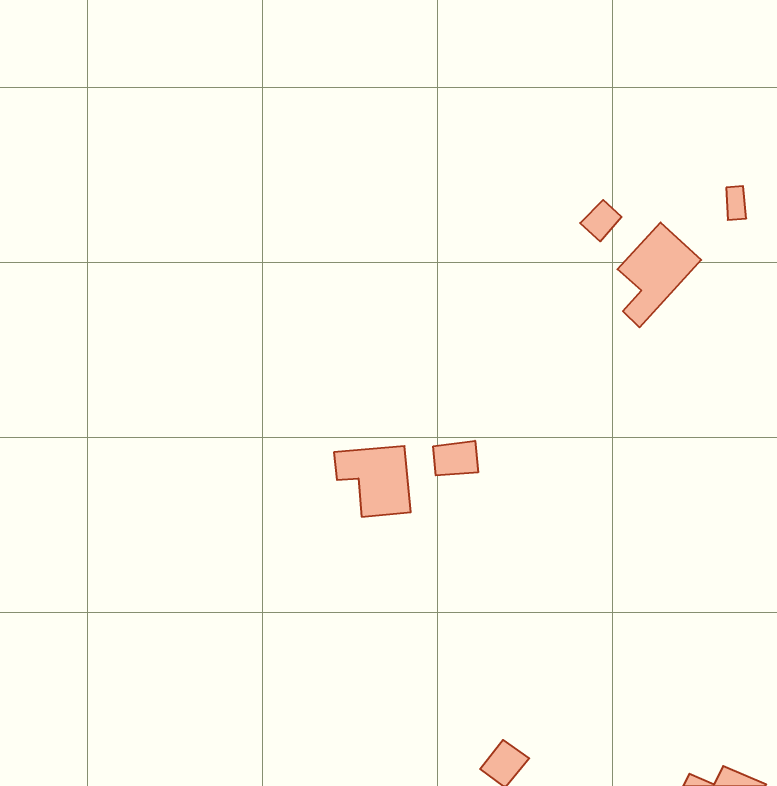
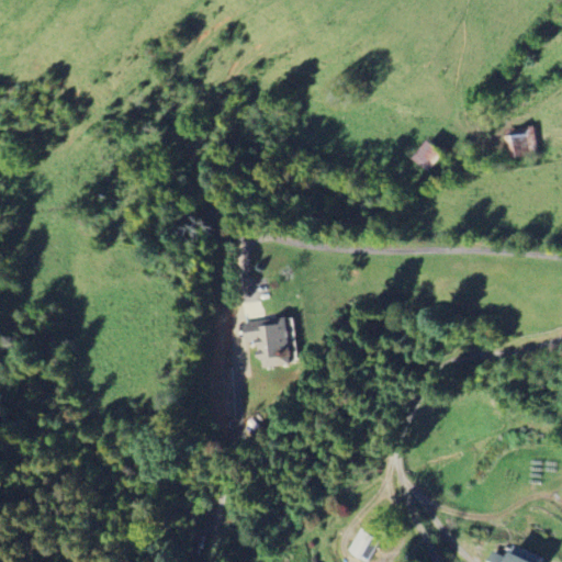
building: [617,222,701,327] -> none
building: [433,441,478,475] -> none

